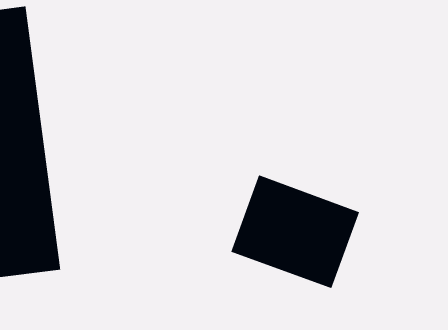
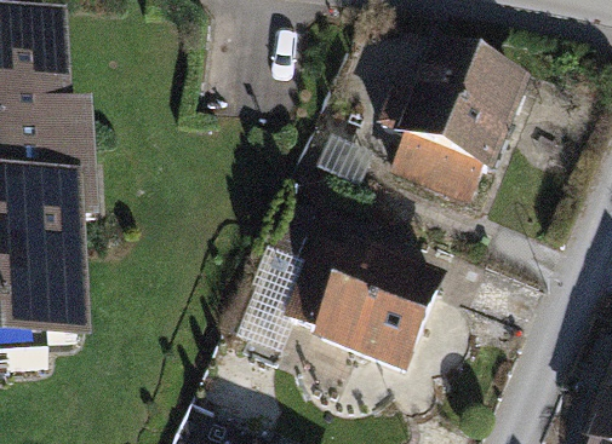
building: none -> [381,50,530,206]

